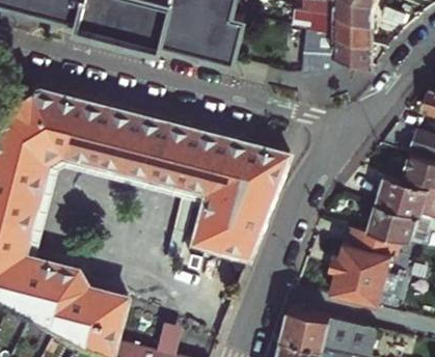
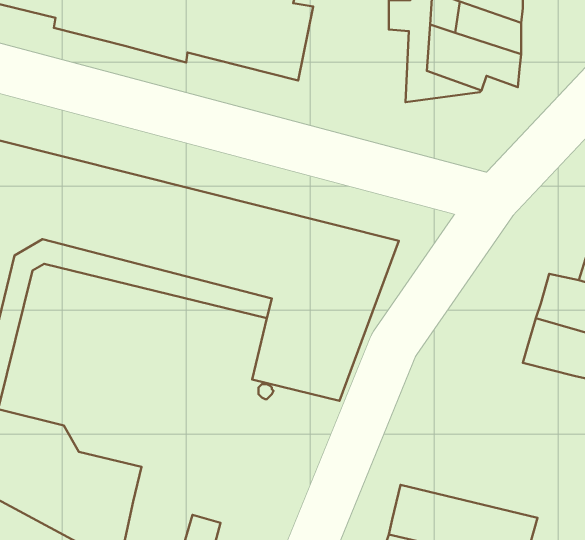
building: [330,229,403,306] -> none

